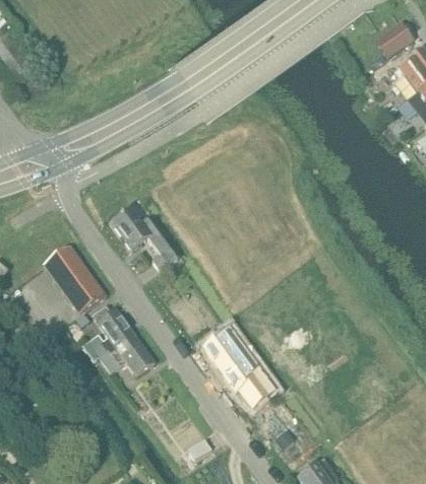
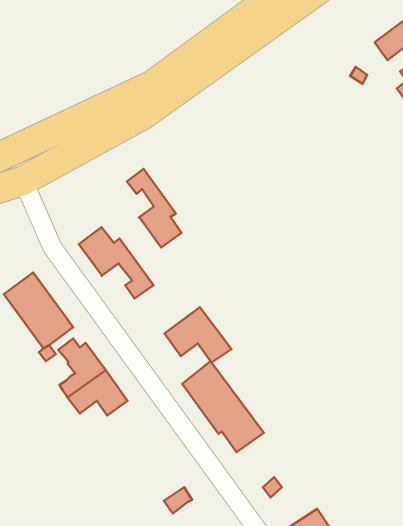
building: none -> [127,169,182,247]
building: none -> [164,307,231,362]

